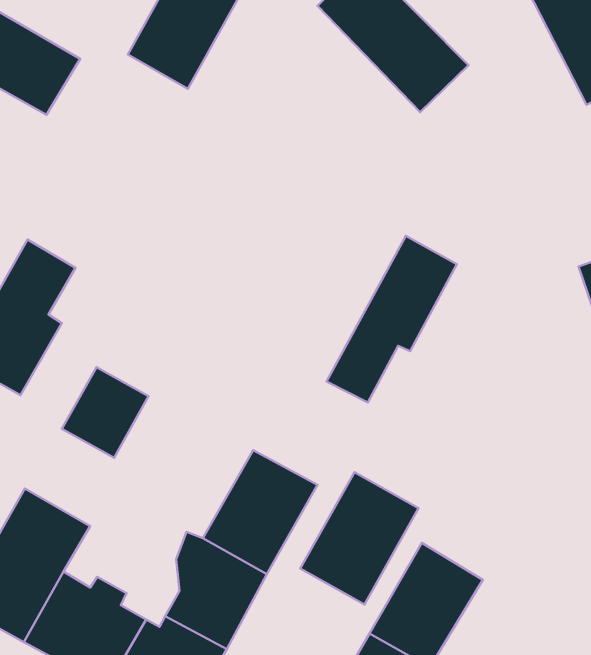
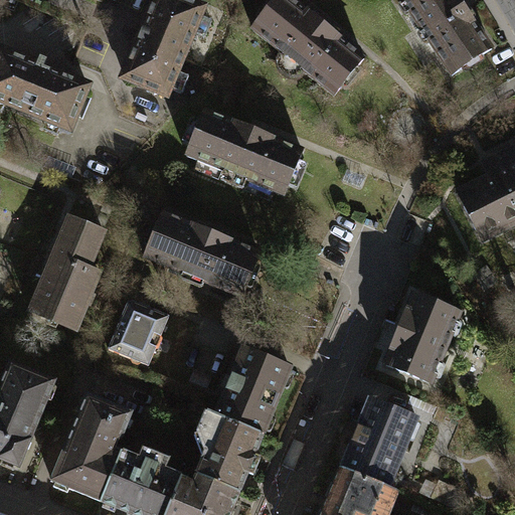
building: none -> [187,110,304,194]
building: [327,236,457,402] -> none
building: none -> [144,211,259,296]
building: [300,472,419,604] -> [382,292,461,384]

